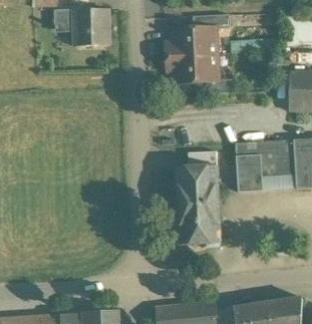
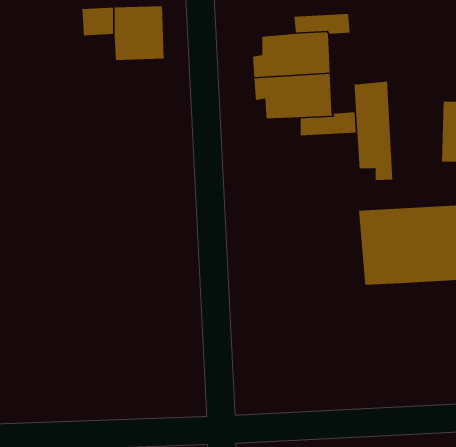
building: none -> [353,81,393,181]
building: [176,165,220,244] -> none

